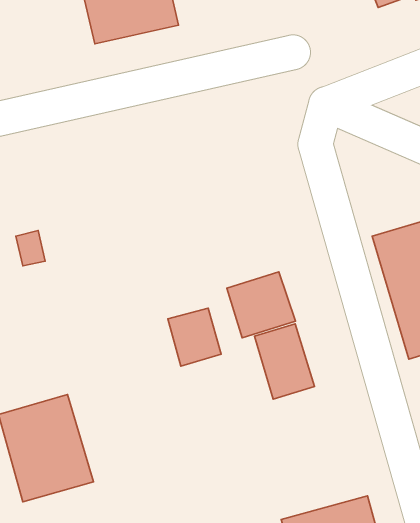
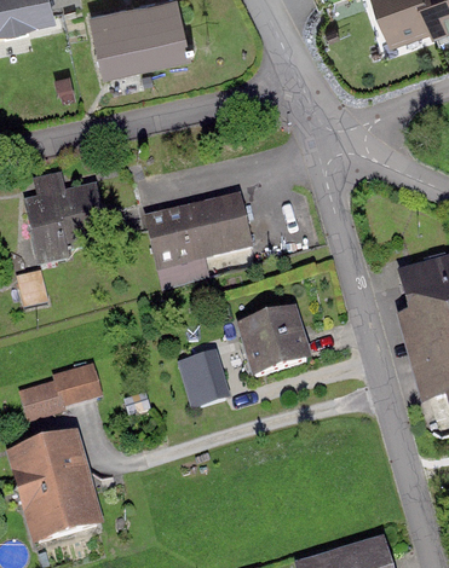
building: none -> [24,172,105,265]
building: none -> [144,192,258,288]
building: [254,324,314,399] -> none
building: none -> [19,363,103,419]

